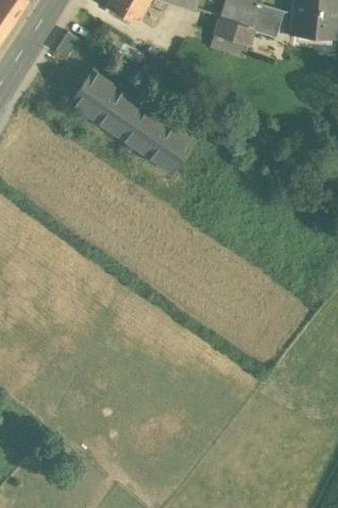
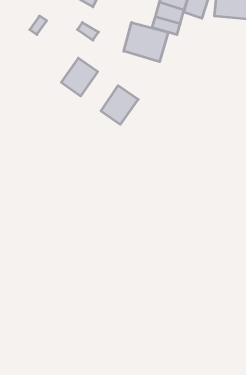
building: none -> [124,22,168,62]
building: [70,71,117,119] -> none
building: [120,106,167,155] -> none

